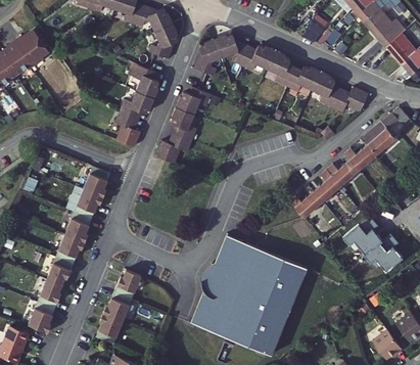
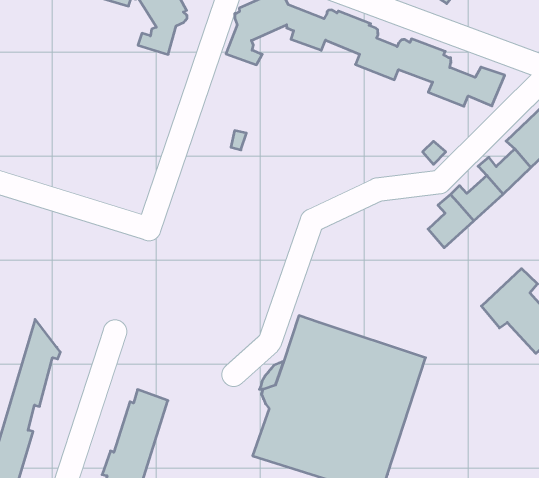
building: [106,71,151,149] -> none
building: [155,91,209,165] -> none
building: [64,169,102,247] -> none
building: [290,187,321,213] -> none

